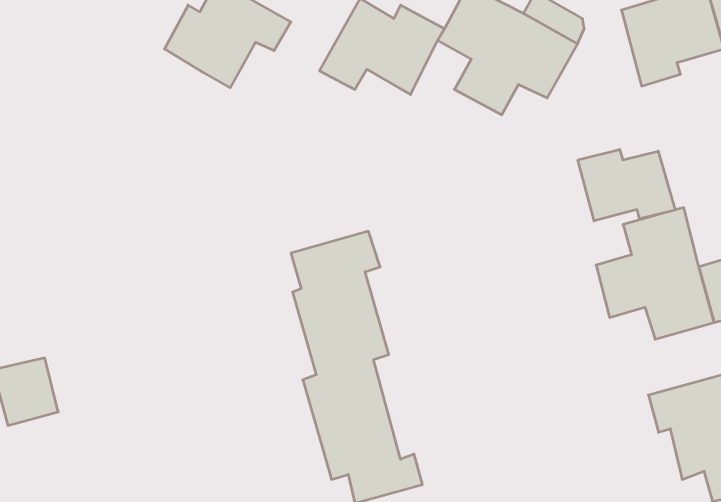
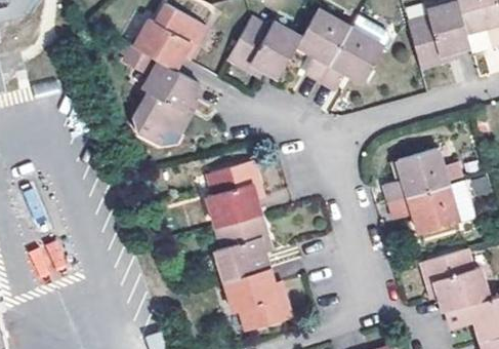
building: none -> [132,65,196,147]
building: [578,149,675,221] -> none

